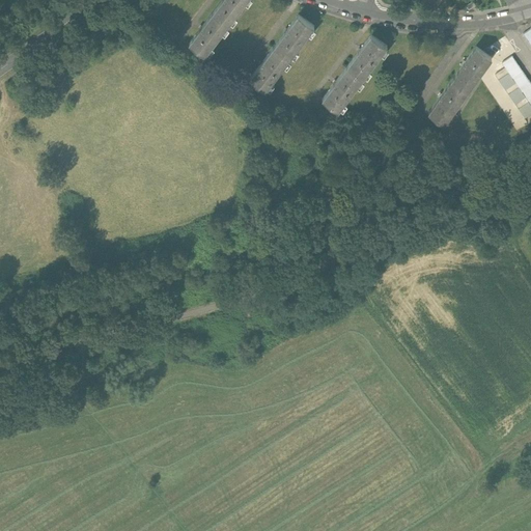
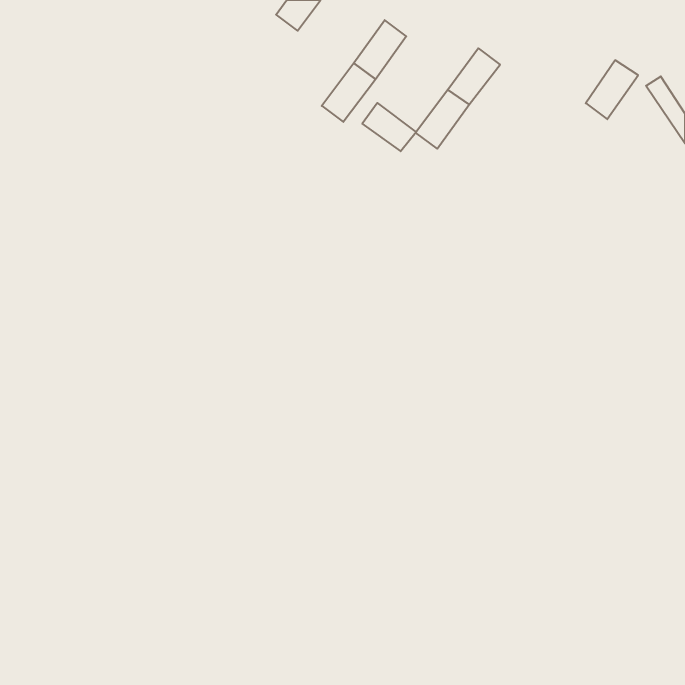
building: [189,11,230,56] -> none
building: none -> [362,103,416,151]
building: [428,80,470,127] -> none

